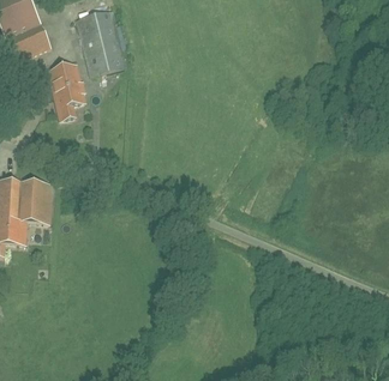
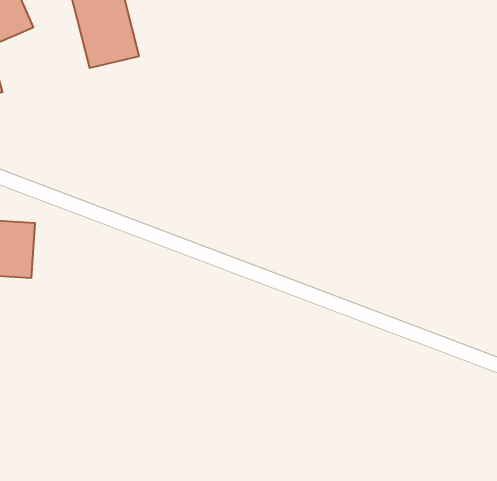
building: [47,64,83,119] -> none

